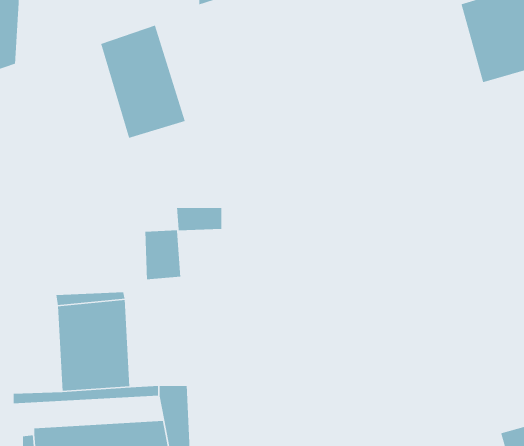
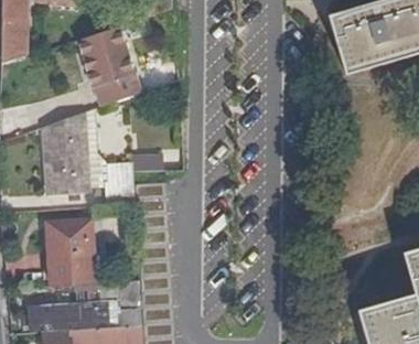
building: none -> [47,111,95,196]

